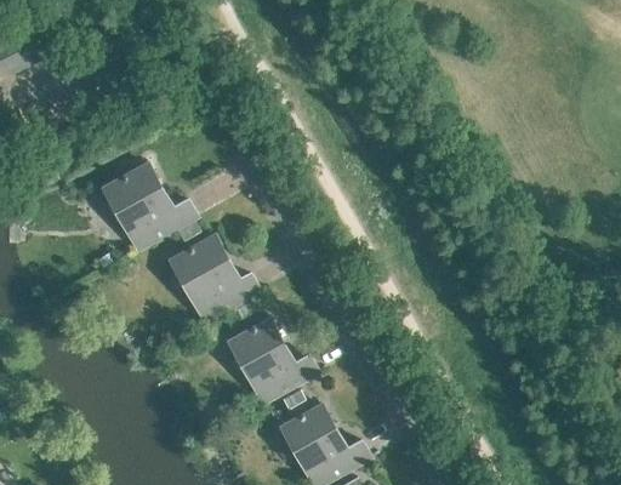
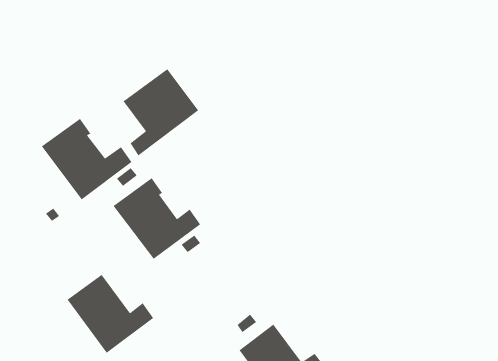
building: none -> [123,68,199,156]
building: [227,318,315,401] -> [67,274,154,354]

